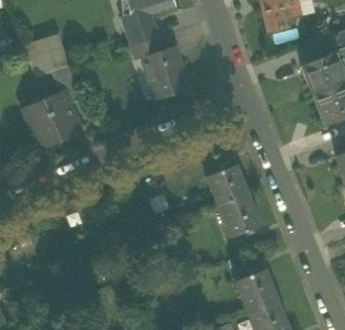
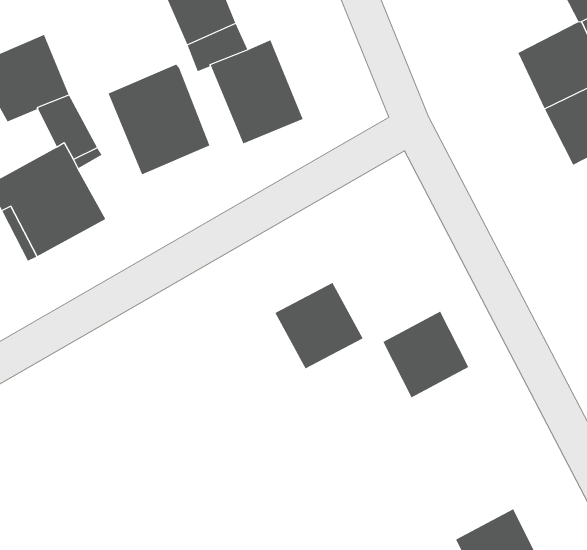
building: none -> [108,64,210,175]
building: [206,164,250,208] -> [275,282,363,369]
building: [235,269,278,313] -> none

